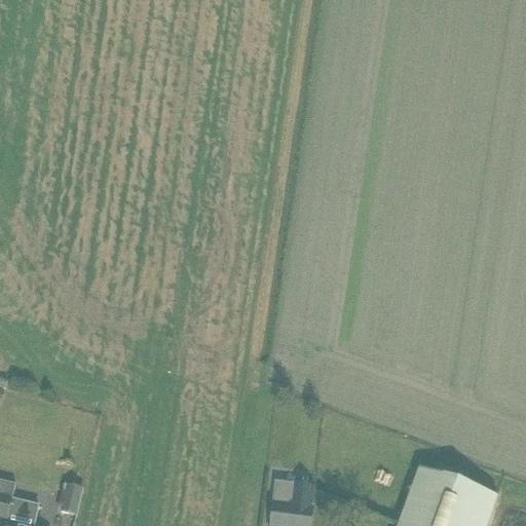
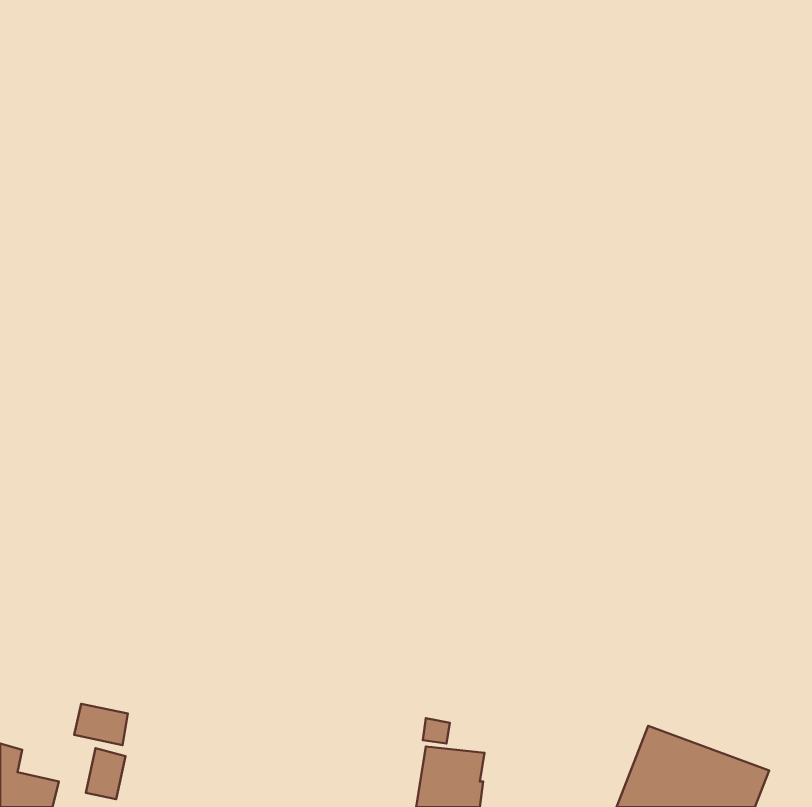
building: none -> [74,704,128,745]

